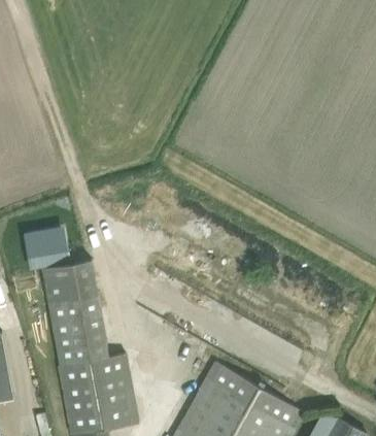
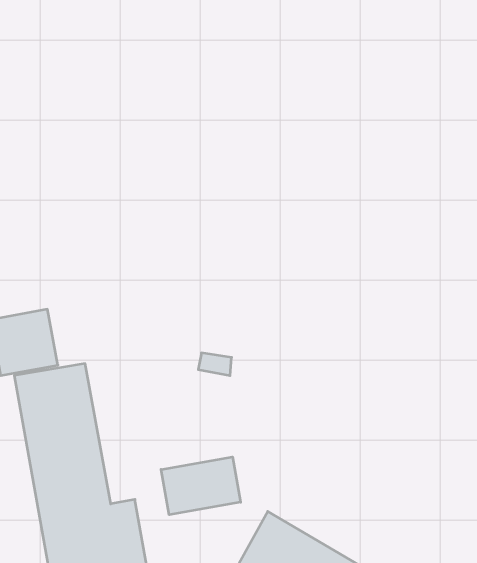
building: none -> [161,457,241,515]

